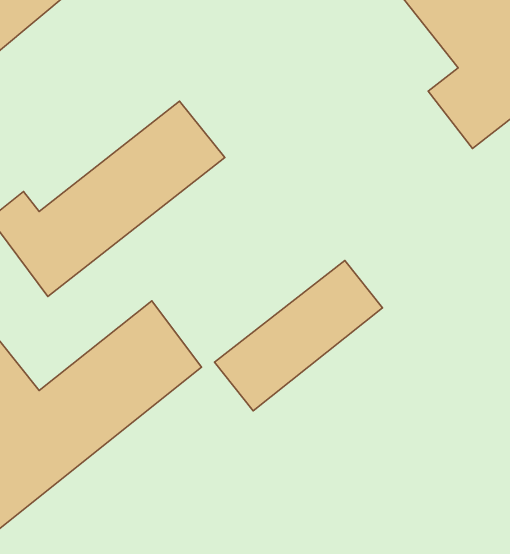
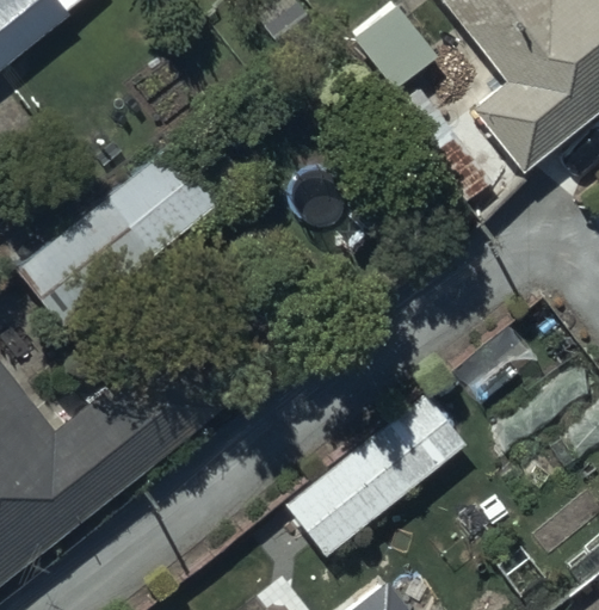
building: [215,260,383,411] -> [284,395,465,557]

